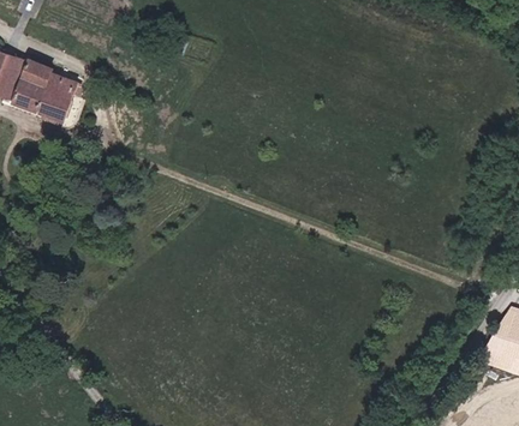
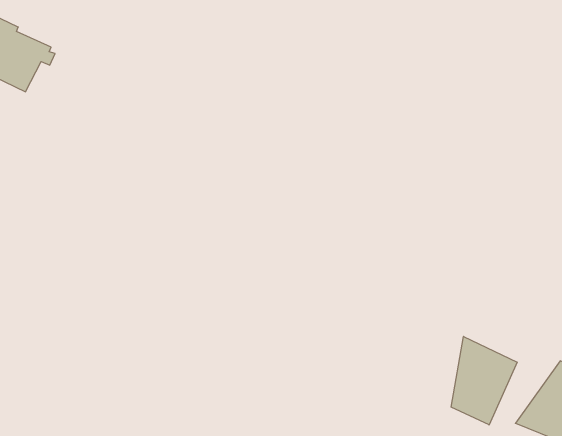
building: none -> [451,336,517,425]

